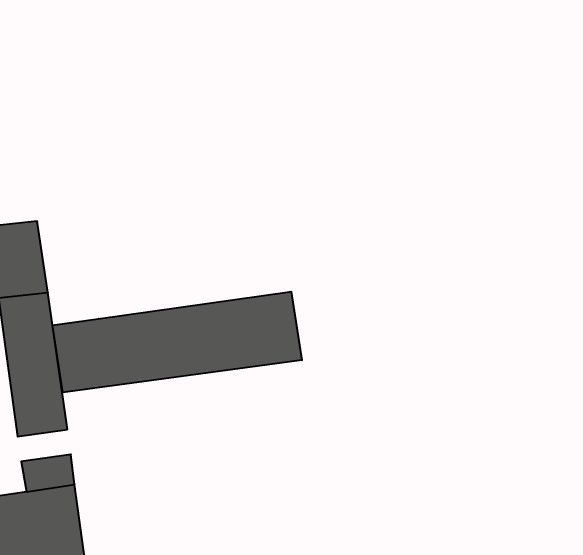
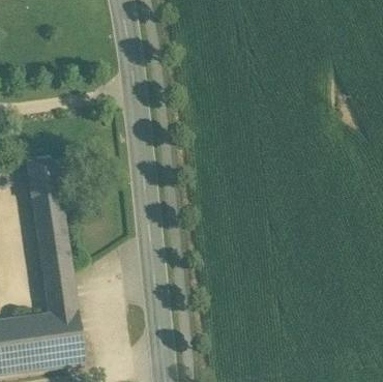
building: [53,292,302,393] -> none

